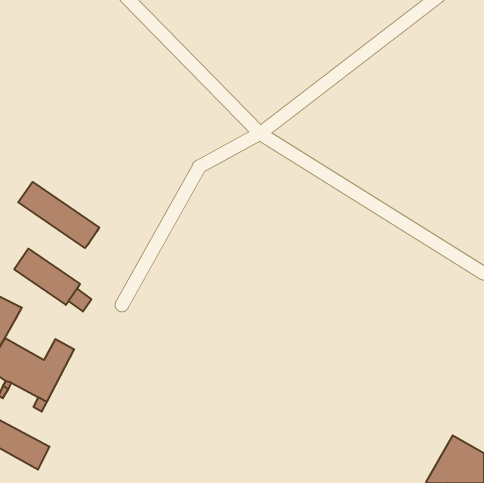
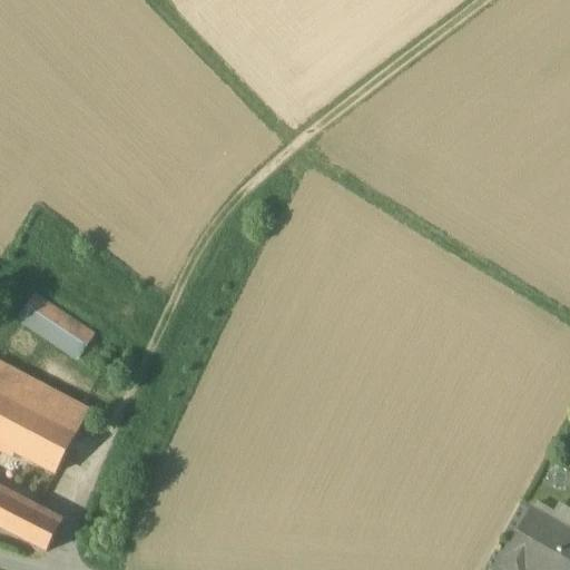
building: [18,182,99,248] -> none
building: none -> [6,372,65,421]

